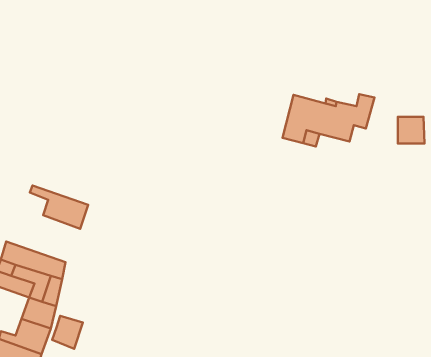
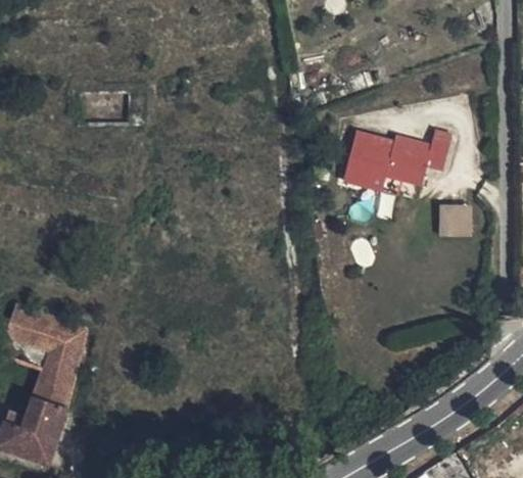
building: [398,117,424,144] -> [440,202,472,234]
building: [30,186,88,229] -> none
building: [52,316,83,349] -> none

